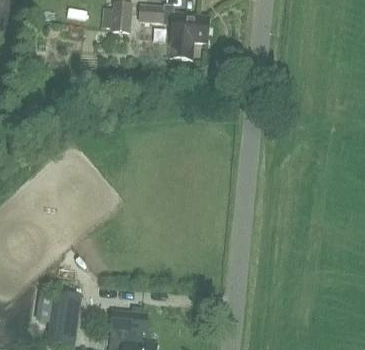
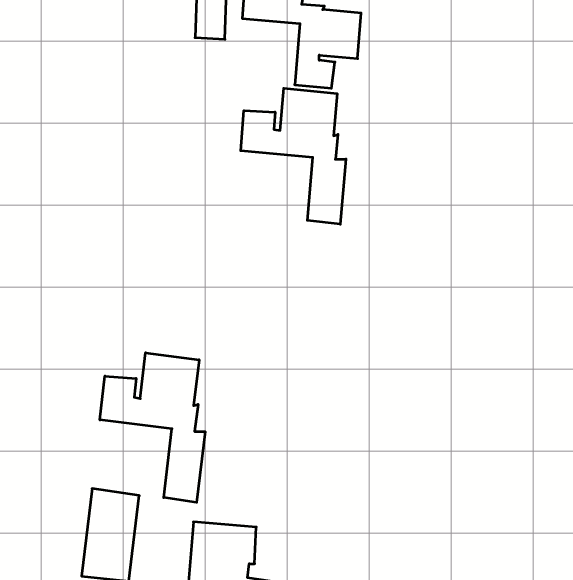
building: none -> [241,88,346,224]
building: none -> [100,353,205,502]

